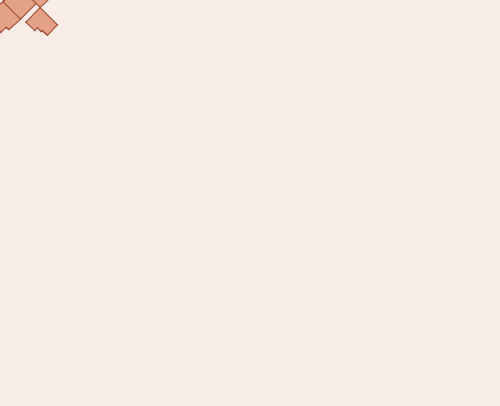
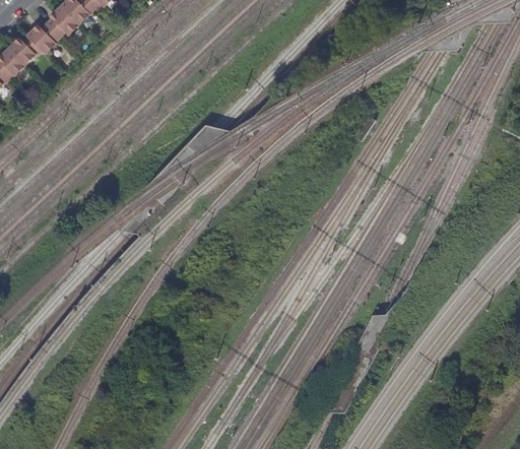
building: [26,8,58,35] -> none

